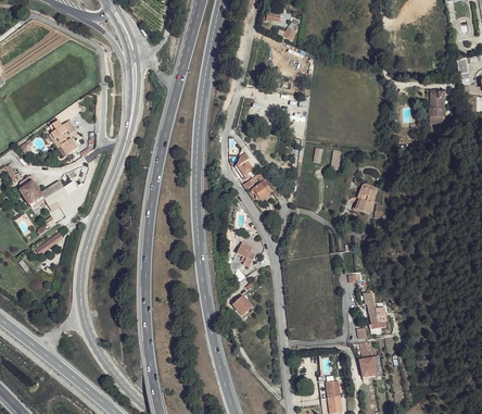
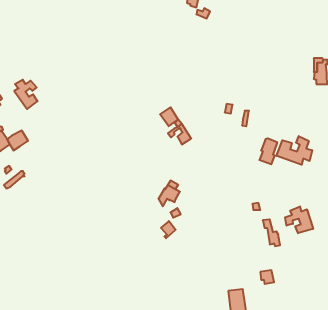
building: none -> [276,136,312,165]
building: none -> [285,206,313,233]

